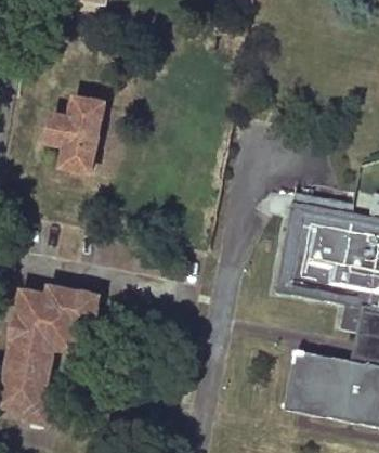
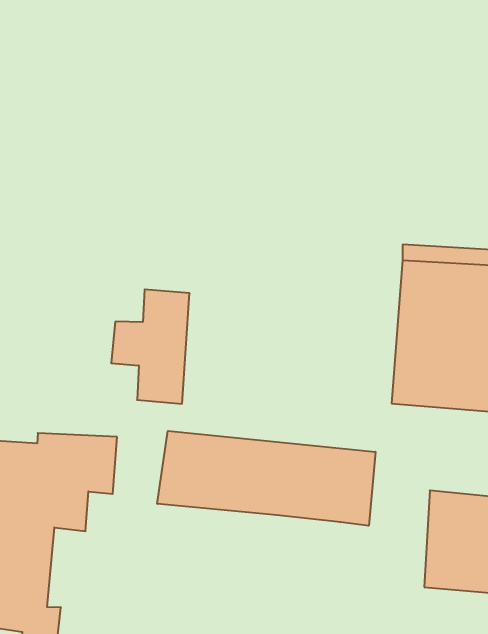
building: [49,96,103,171] -> [111,289,190,404]
building: none -> [157,431,375,526]

